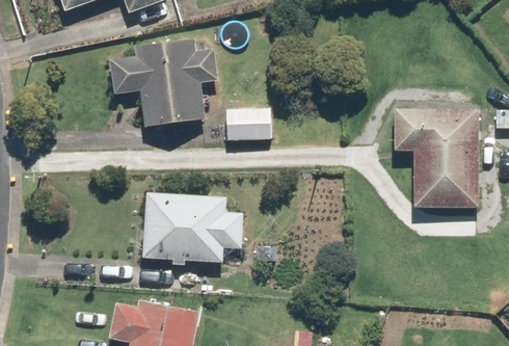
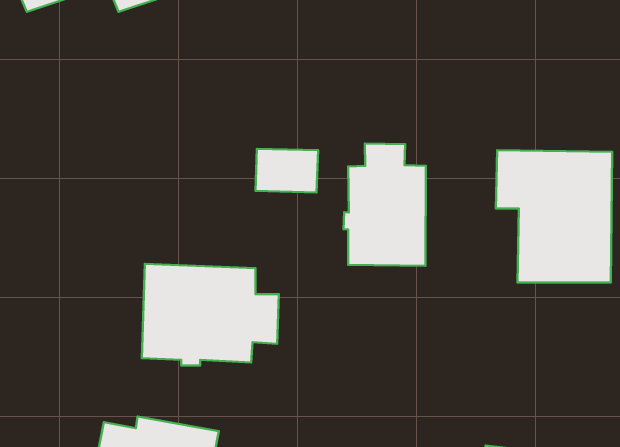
building: [111,34,217,125] -> none
building: none -> [343,144,426,266]

